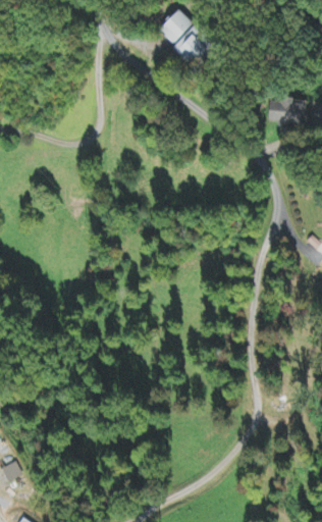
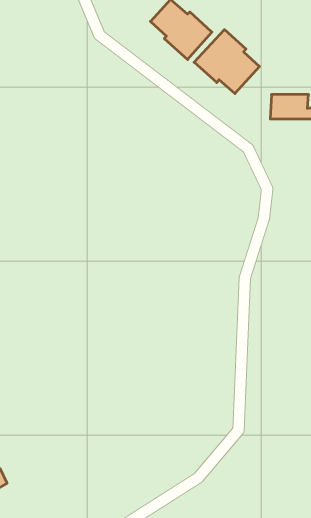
building: none -> [194,30,259,94]

